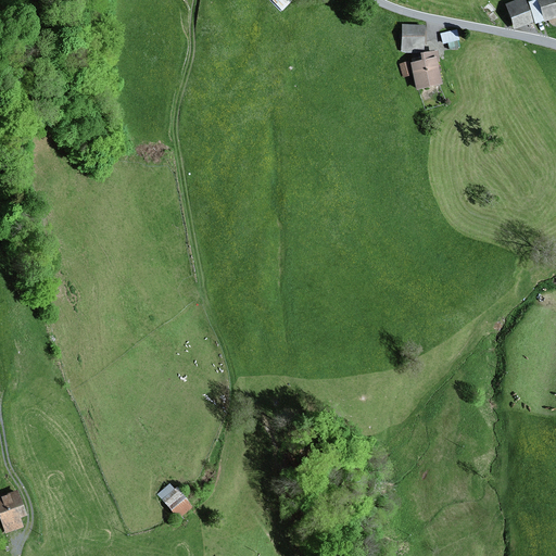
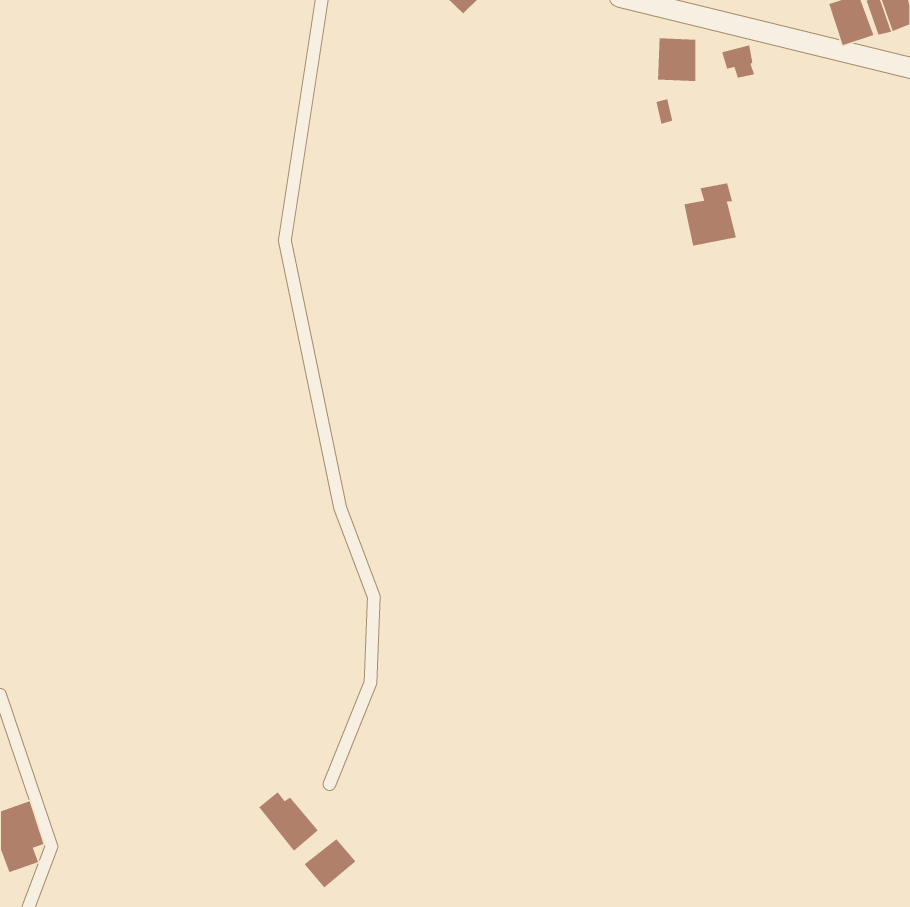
building: [410,49,443,88] -> [683,182,737,247]
building: none -> [303,838,356,889]

